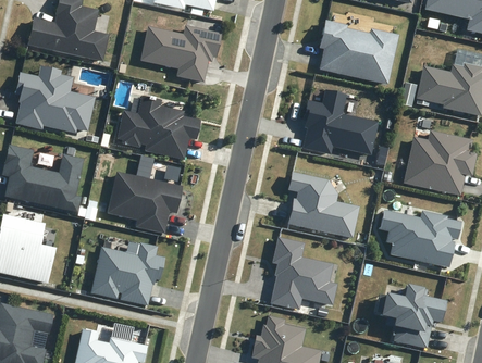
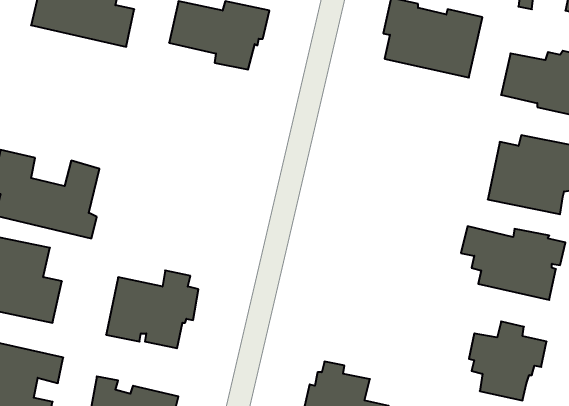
building: [15,67,95,133] -> none
building: [301,93,376,157] -> none
building: [114,97,201,160] -> none
building: [106,171,183,234] -> none
building: [286,172,358,238] -> none
building: [270,238,337,310] -> none

